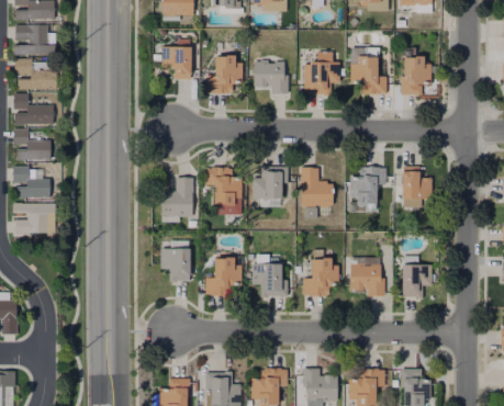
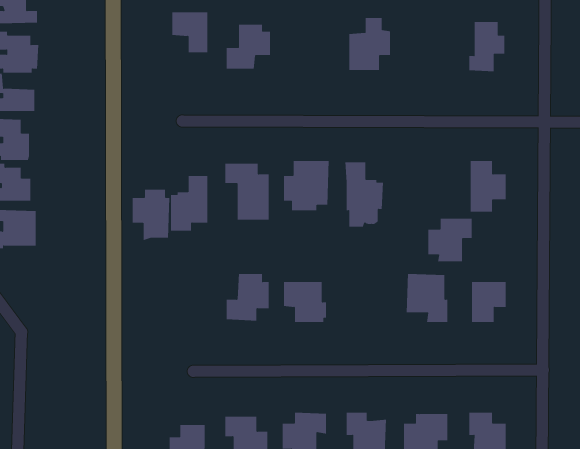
building: [350,54,387,93] -> none
building: [254,60,292,92] -> none
building: [350,168,387,203] -> [427,218,472,262]
building: [160,240,191,282] -> [132,189,170,241]
building: [303,257,339,295] -> none

